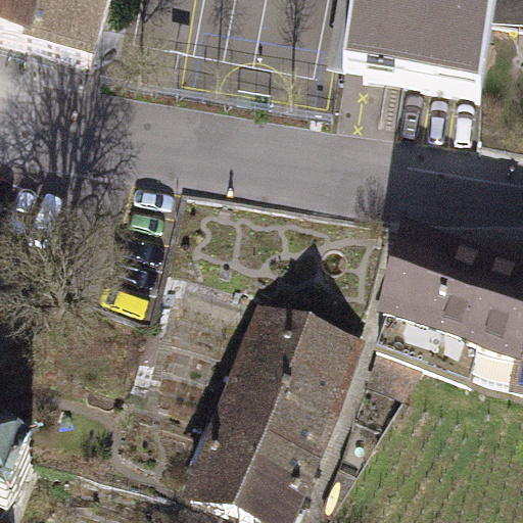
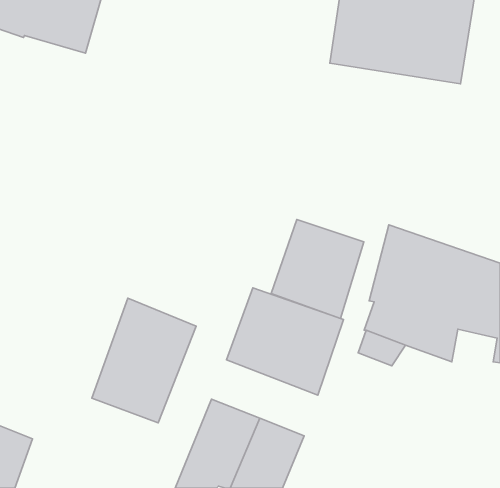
building: none -> [271,220,364,318]
building: none -> [92,298,196,423]
building: [220,373,330,451] -> none

